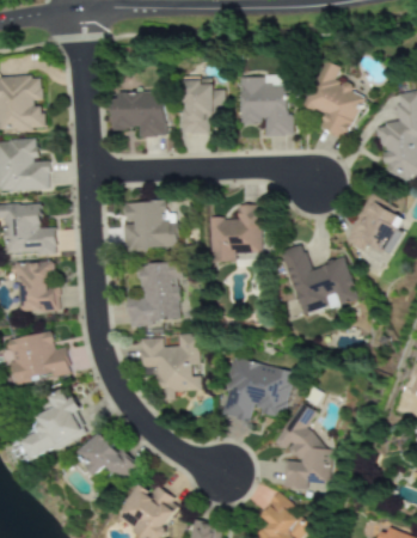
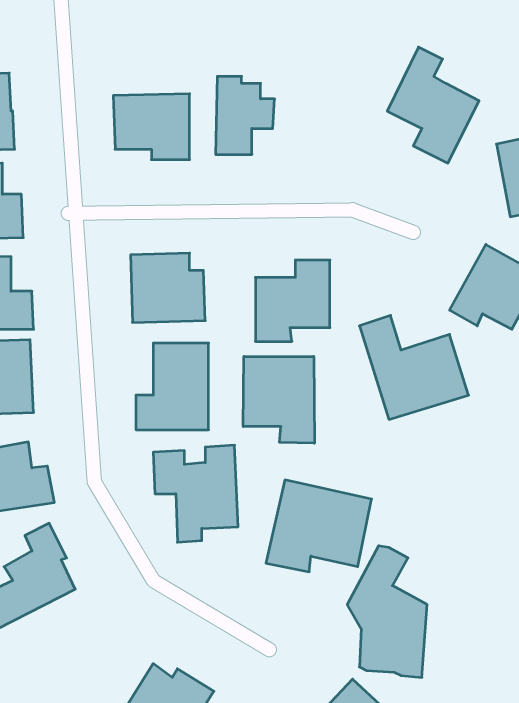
building: [241,77,293,135] -> none
building: none -> [243,356,314,443]
building: [78,432,139,482] -> none

